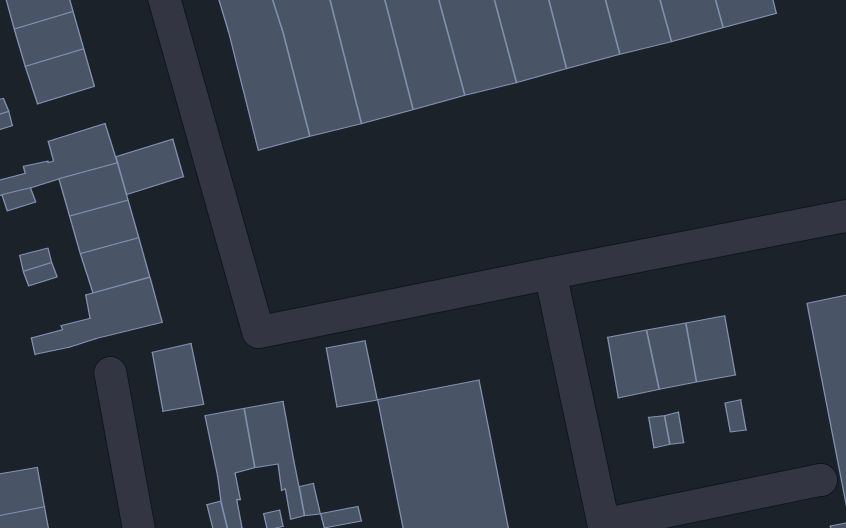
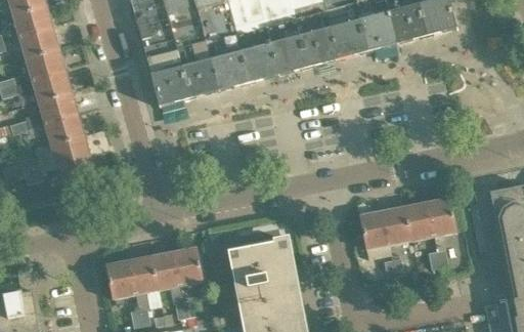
building: [116,139,184,194] -> [32,70,71,101]
building: [32,277,162,355] -> none
building: none -> [427,197,456,236]
building: [326,341,378,407] -> [173,247,203,285]
building: [152,344,204,411] -> [105,259,135,298]

